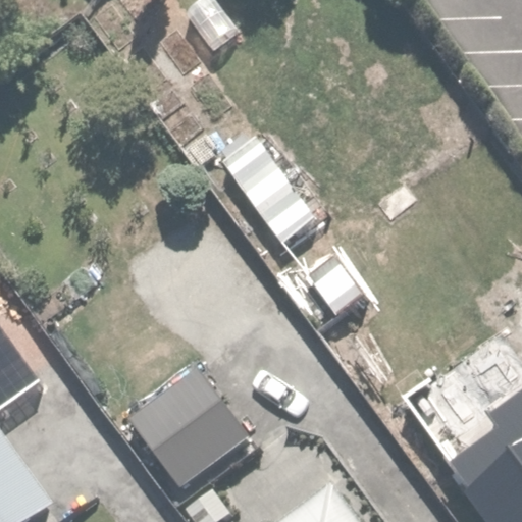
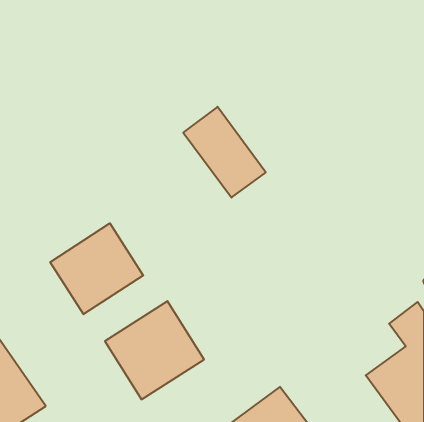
building: none -> [50,223,143,314]

